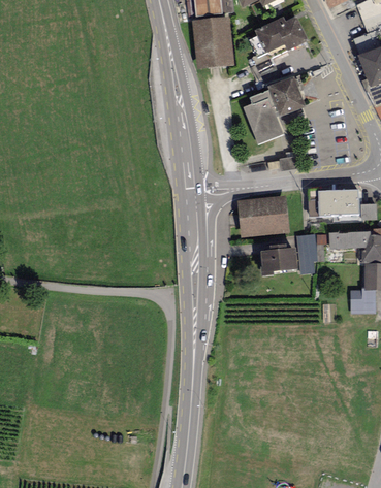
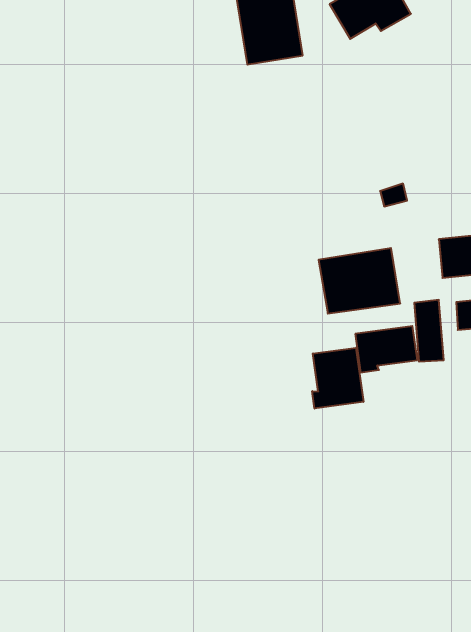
building: [245,76,305,142] -> none
building: none -> [312,348,363,409]

